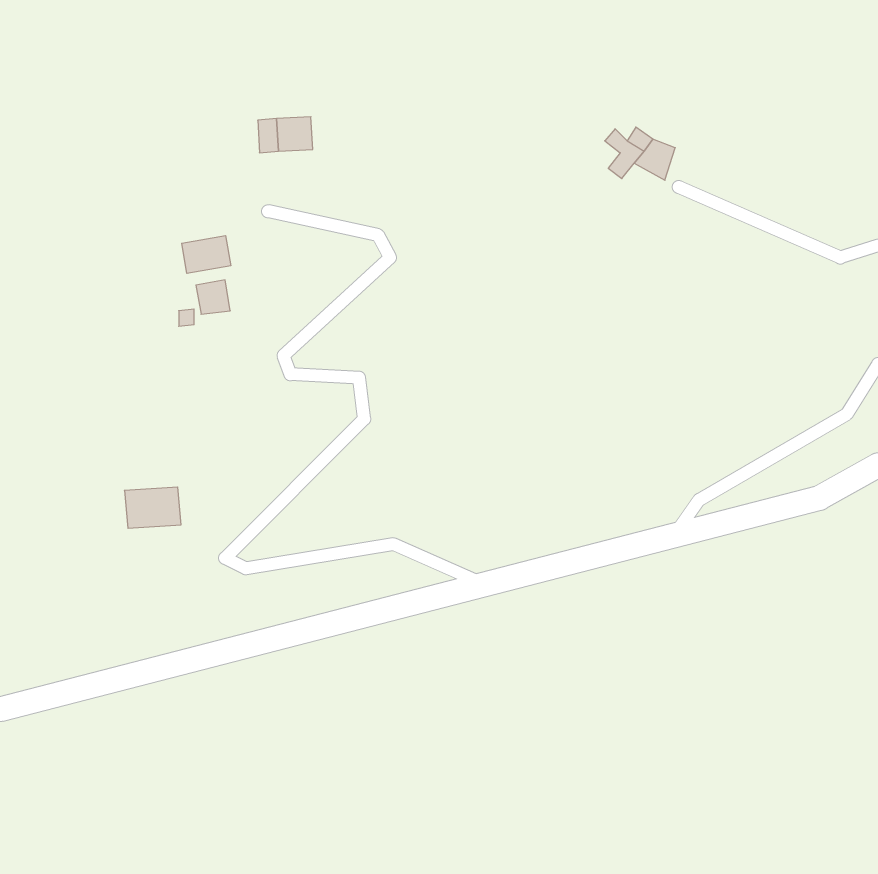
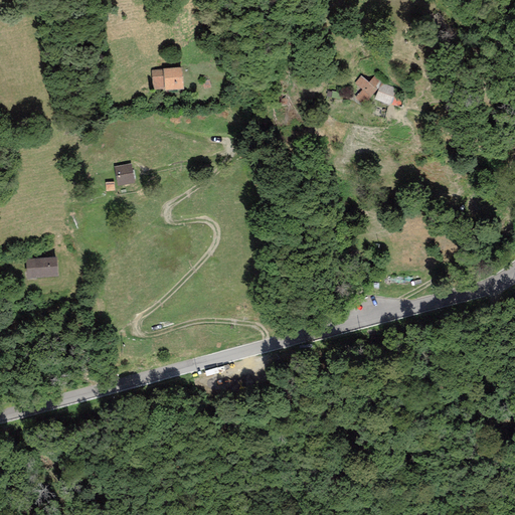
building: [182,236,231,273] -> none
building: [124,487,181,528] -> [25,255,58,280]

